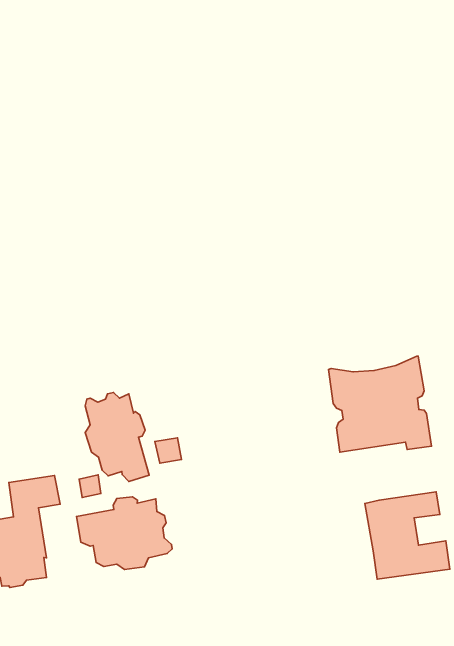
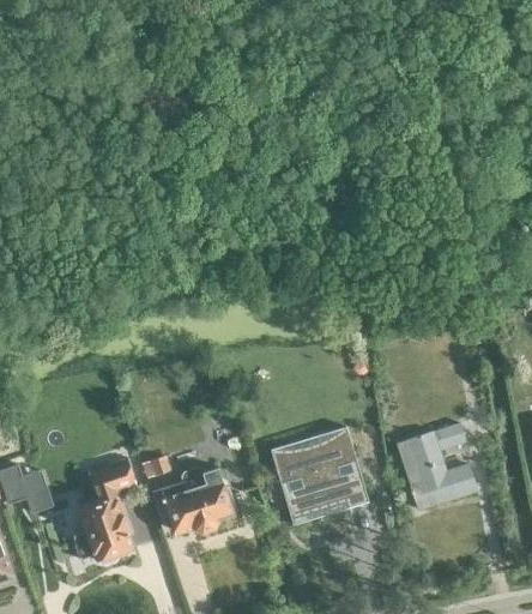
building: [328,356,431,452] -> [268,427,367,519]
building: [85,393,149,481] -> none

